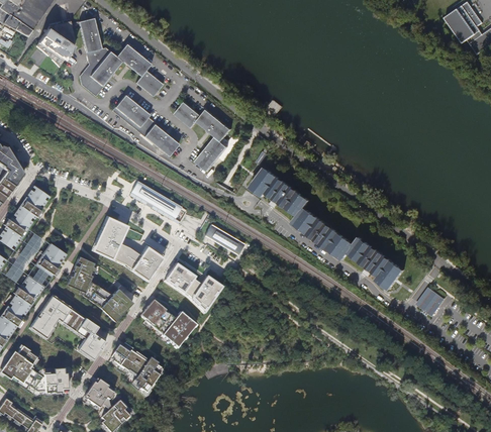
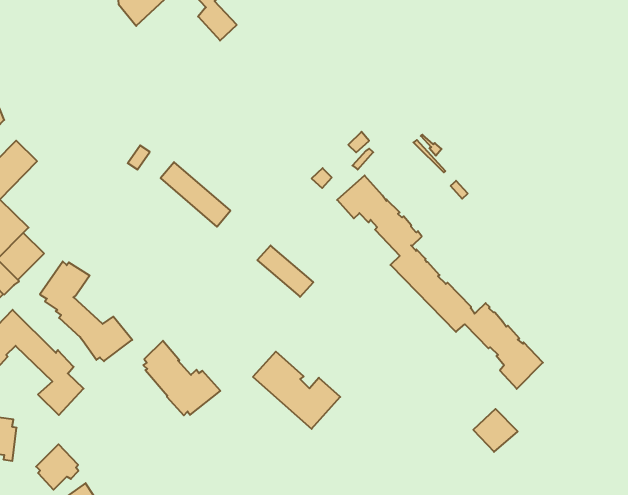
building: [114,94,180,155] -> none
building: [177,102,234,171] -> none
building: [91,215,162,276] -> none
building: [163,263,222,310] -> [253,352,340,429]
building: [416,288,446,316] -> [473,409,518,452]
building: [110,343,160,393] -> none

